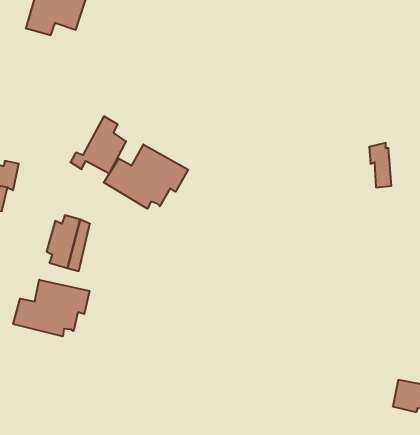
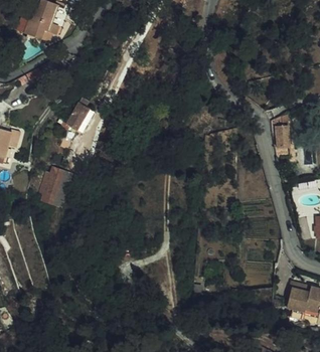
building: [104,144,188,209] -> none
building: [13,280,89,336] -> none

